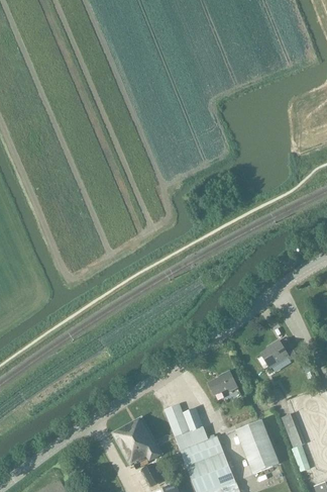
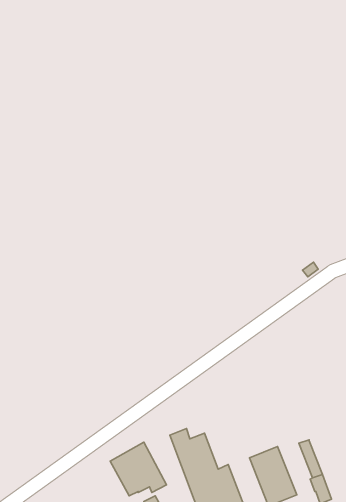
building: [260,338,295,367] -> none
building: [208,371,237,395] -> none

